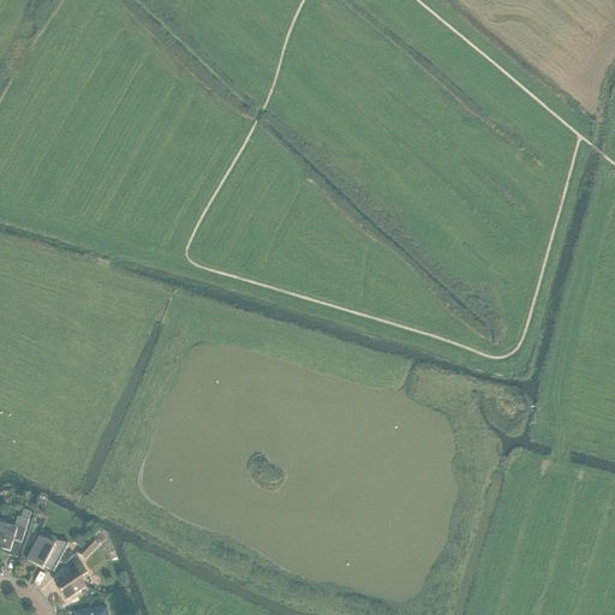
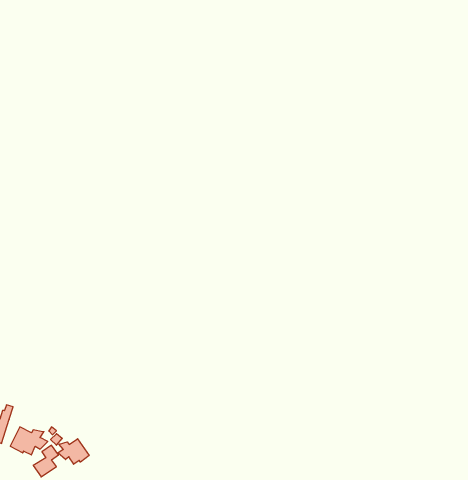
building: none -> [58,439,89,464]

